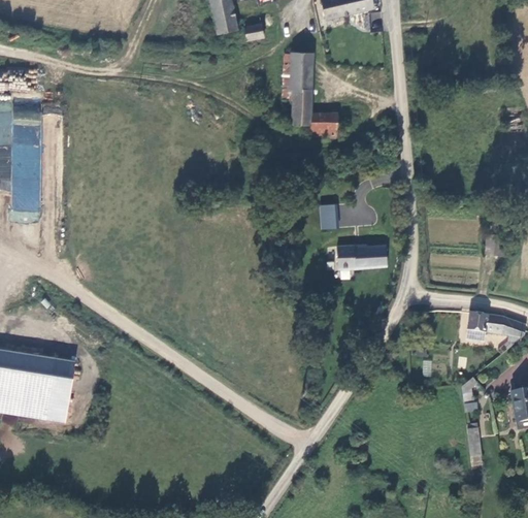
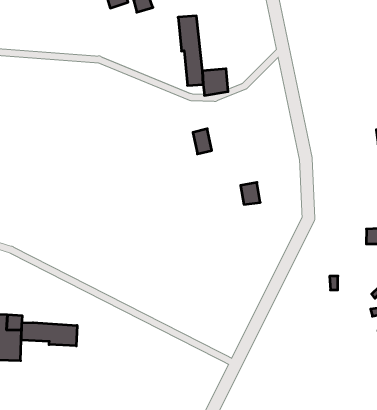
building: [319,204,337,231] -> [193,129,212,154]
building: [355,247,388,269] -> none
building: none -> [21,323,77,346]

